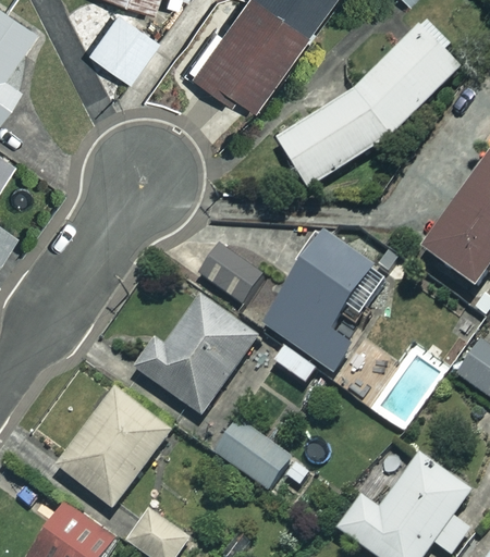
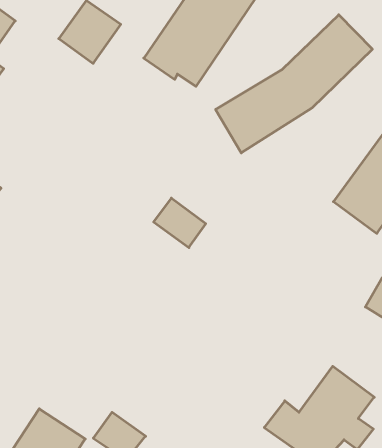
building: [261,232,387,382] -> none
building: [134,295,257,414] -> none
building: [57,388,170,507] -> none
building: [215,418,310,488] -> none

